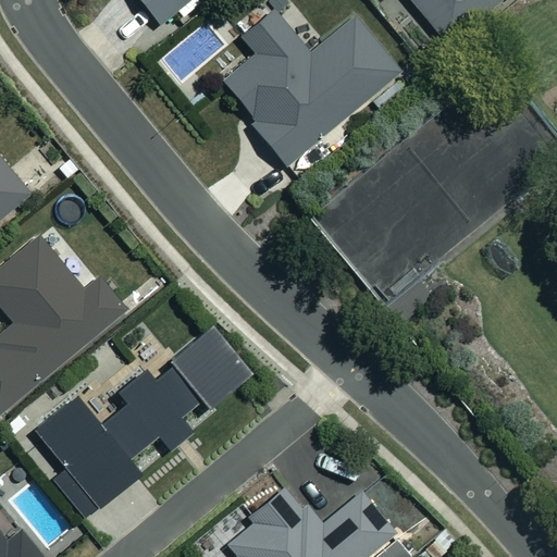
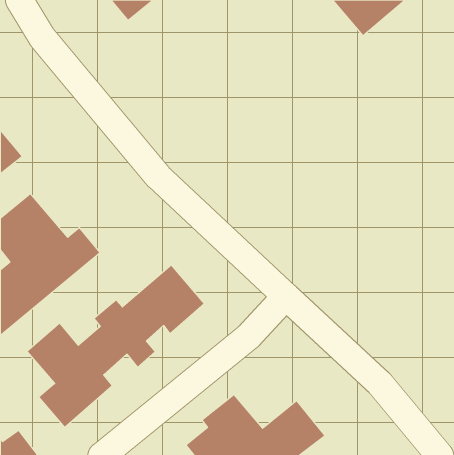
building: [222,12,400,168] -> none

